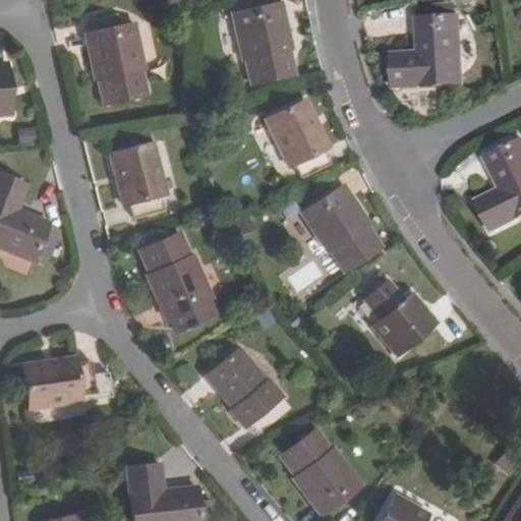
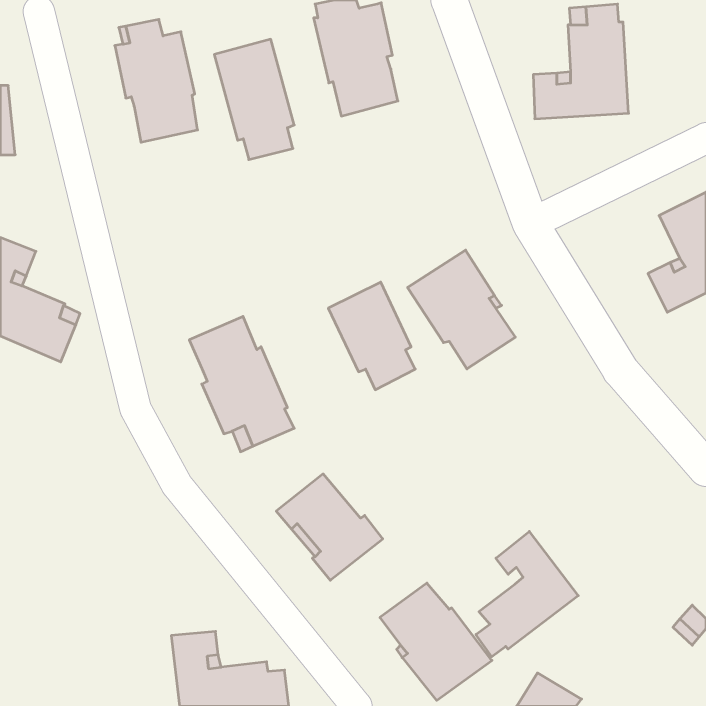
building: [266,100,330,179] -> [328,282,415,390]
building: [107,131,166,220] -> [214,39,294,160]
building: [359,275,435,355] -> none
building: [22,358,111,409] -> none
building: none -> [476,531,578,657]

